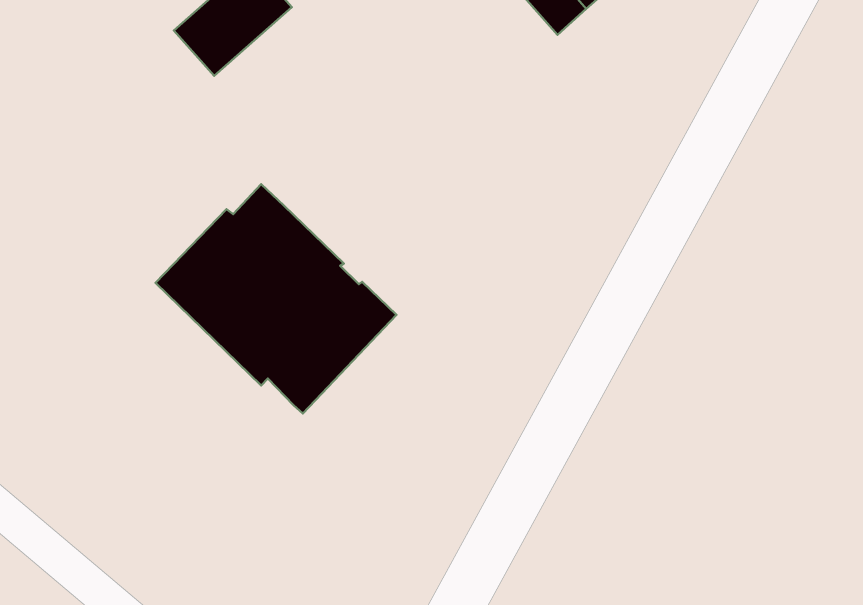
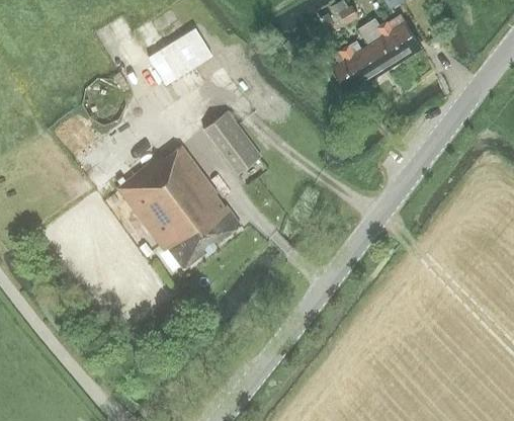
building: none -> [202,110,261,174]

